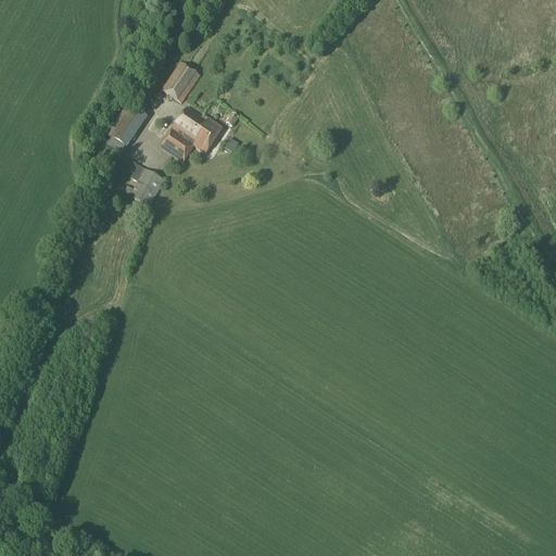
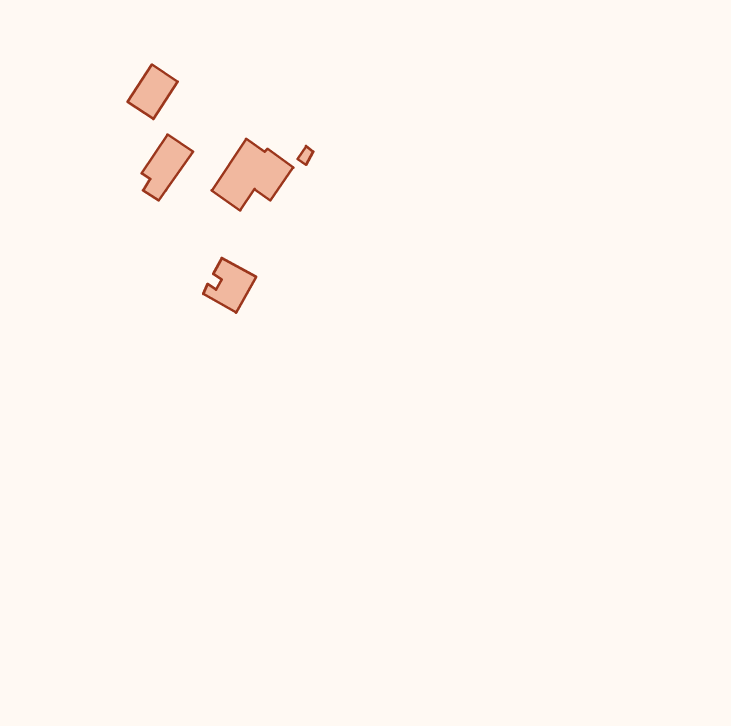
building: [162,60,200,101] -> [128,65,178,119]
building: [124,164,164,205] -> [203,258,256,313]

